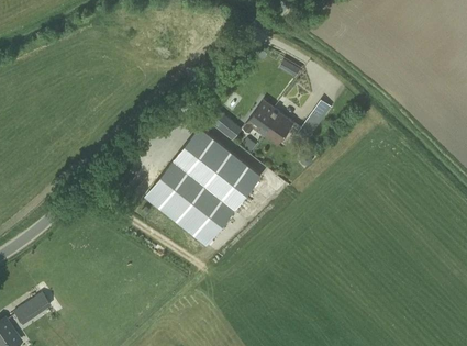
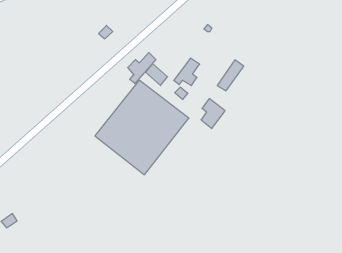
building: none -> [128,53,156,84]
building: [265,109,294,146] -> [201,99,225,129]

